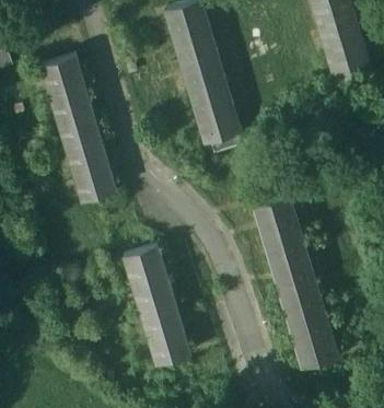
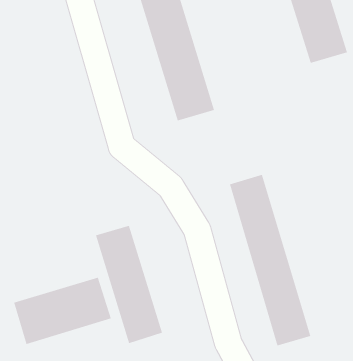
building: [42,57,116,201] -> none
building: none -> [13,277,111,345]

